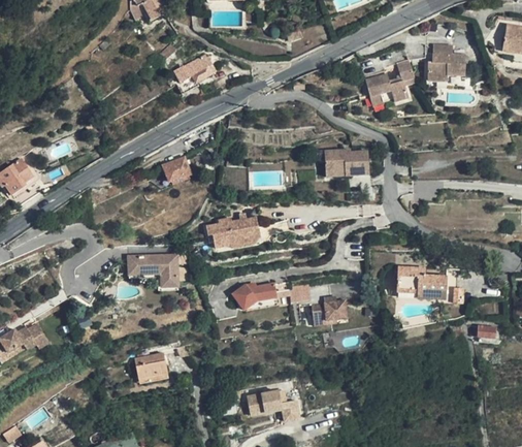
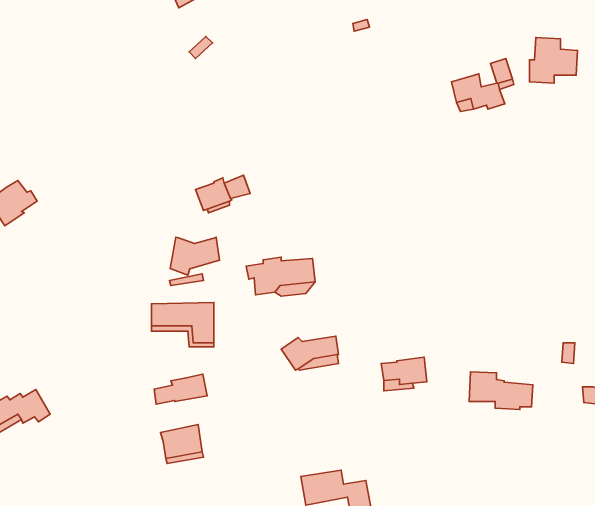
building: [173,54,214,94] -> none
building: [324,149,368,175] -> none
building: none -> [170,237,220,275]
building: [396,266,447,296] -> [469,372,533,409]
building: none -> [154,374,207,404]

